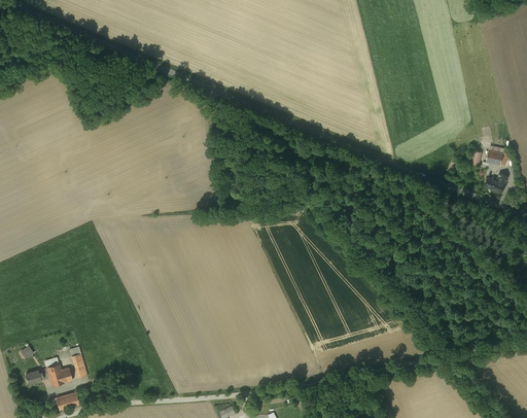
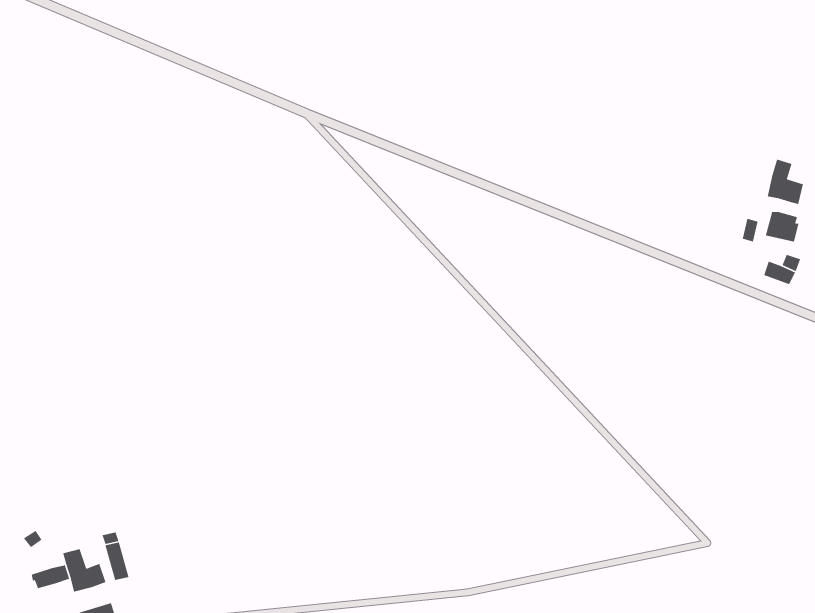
building: none -> [767,159,804,205]

